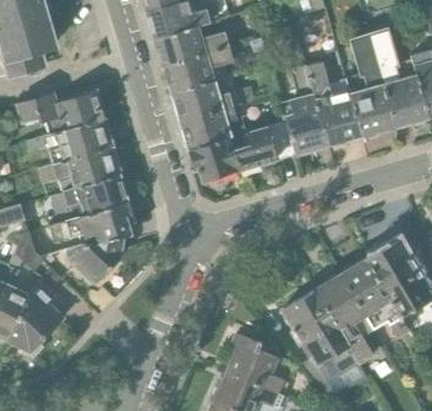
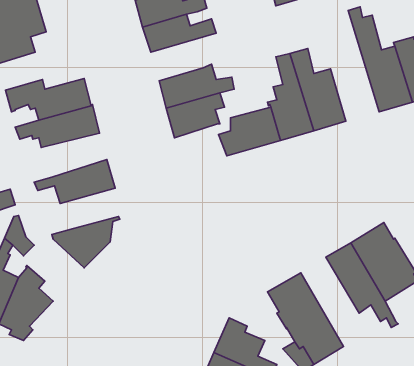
building: [346,22,396,135] -> none
building: [163,45,235,93] -> none
building: [188,137,241,181] -> none
building: [39,147,119,192] -> none
building: [48,201,132,244] -> none
building: [316,273,376,364] -> none

